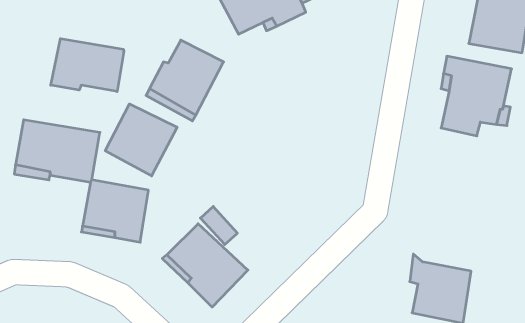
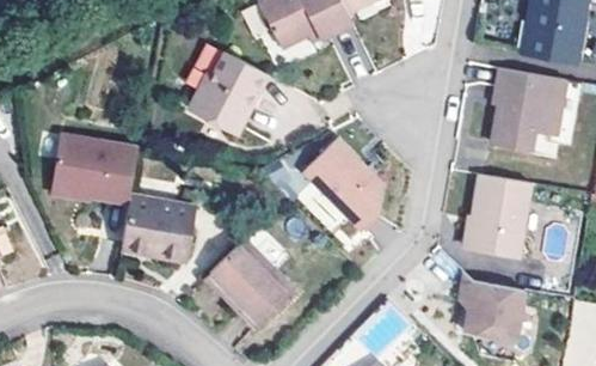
building: [51,39,124,92] -> none
building: [105,104,177,176] -> none
building: none -> [306,135,385,227]
building: none -> [467,173,530,256]

